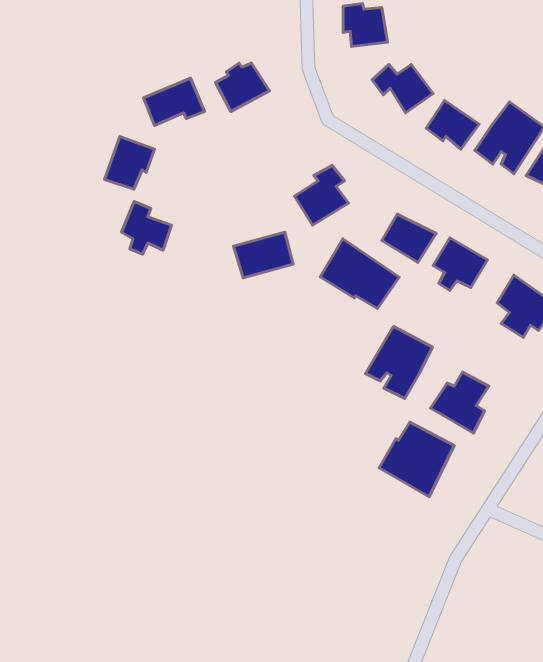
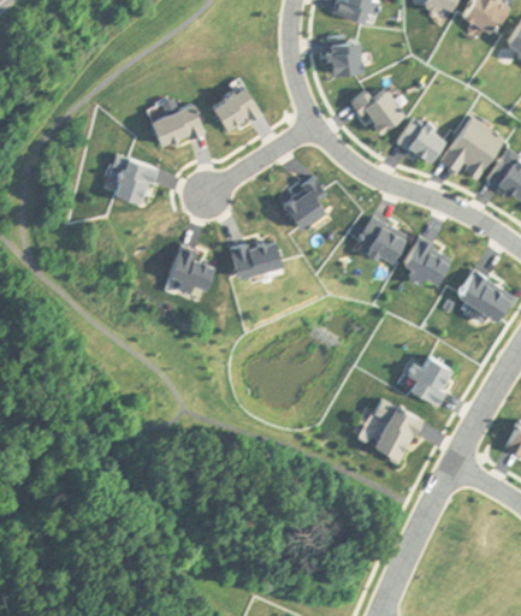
building: [122,202,172,254] -> [171,244,214,290]
building: [320,239,399,309] -> none
building: [365,327,432,399] -> none

